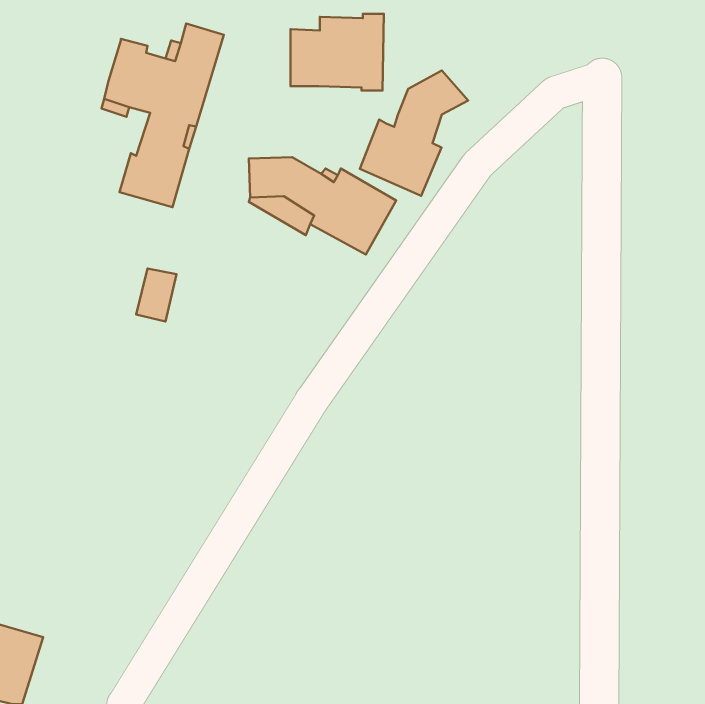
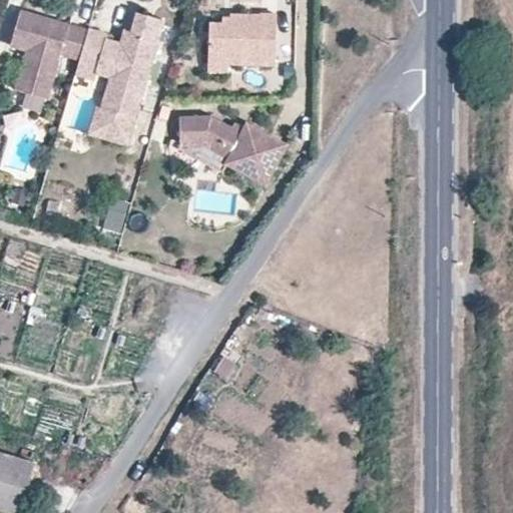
building: none -> [9,10,87,98]
building: [360,71,468,196] -> none

